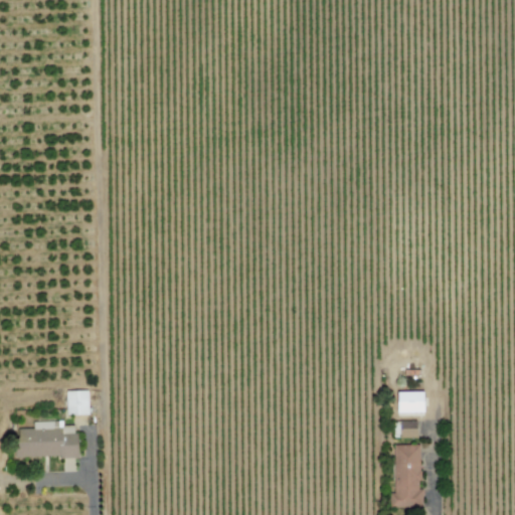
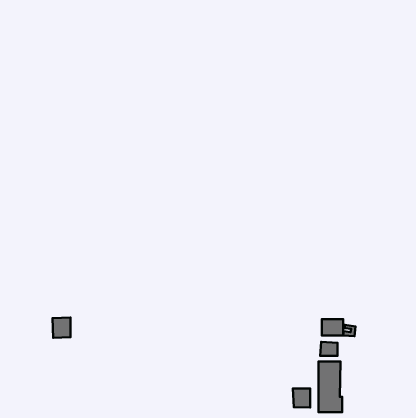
building: [17,420,78,458] -> none
building: none -> [293,388,310,407]

